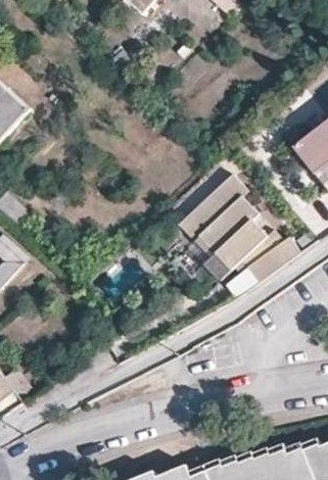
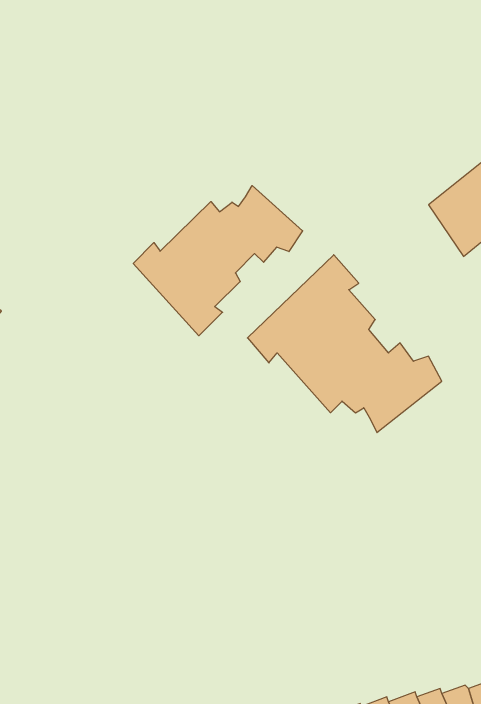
building: none -> [133,186,303,336]

